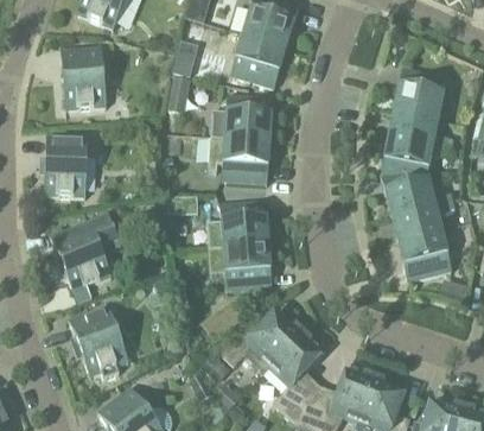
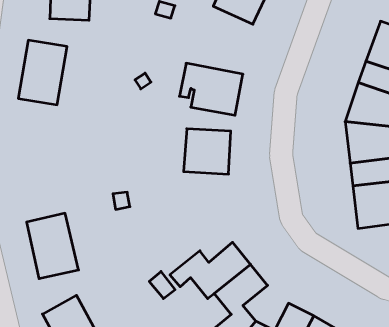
building: [211,93,273,139] -> none
building: [51,210,121,290] -> none
building: [209,242,272,289] -> none

